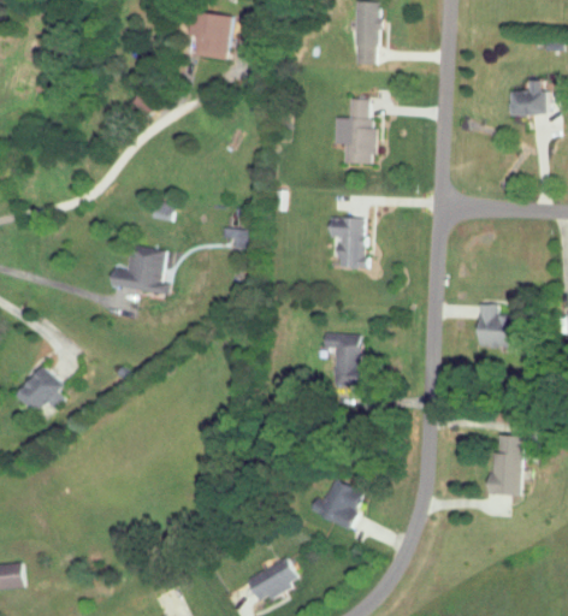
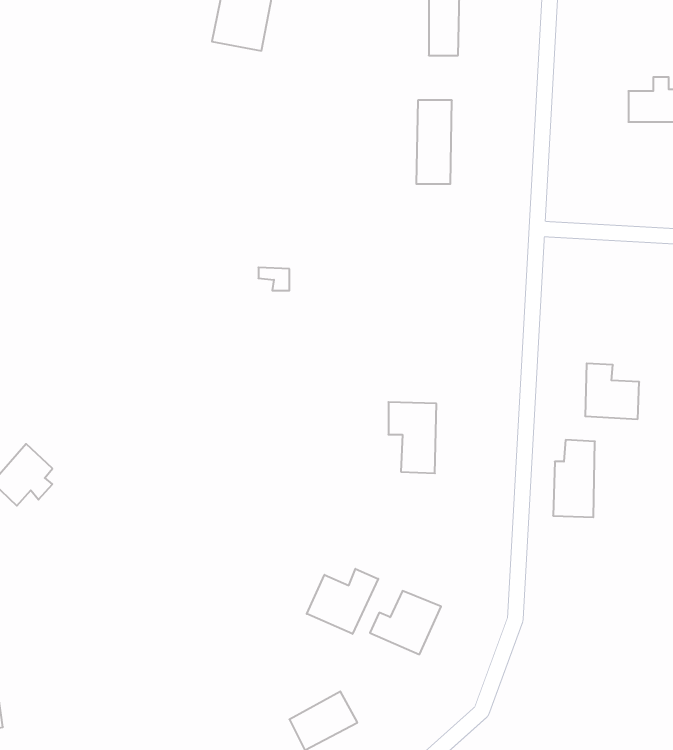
building: [329,217,366,266] -> none
building: [110,244,168,294] -> none
building: [490,434,522,494] -> [553,440,595,517]
building: none -> [307,569,378,634]

